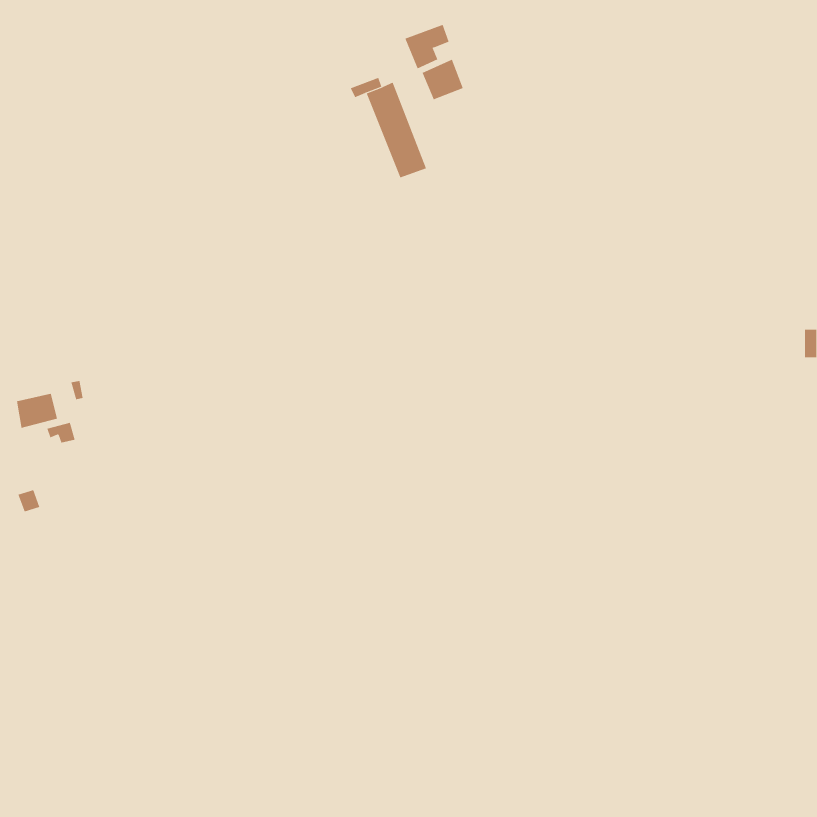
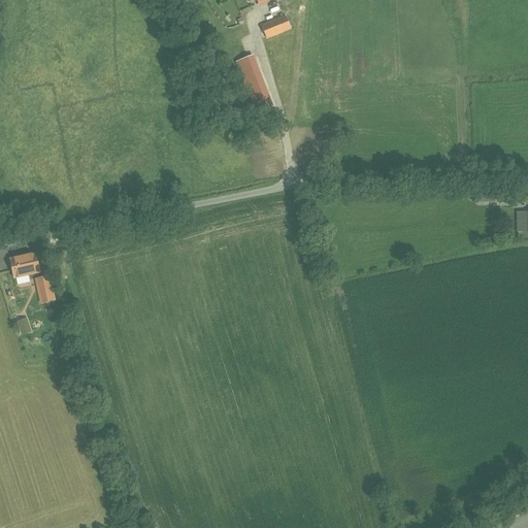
building: [422,59,463,100] -> none

